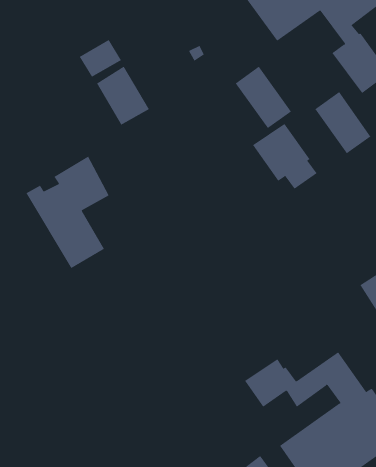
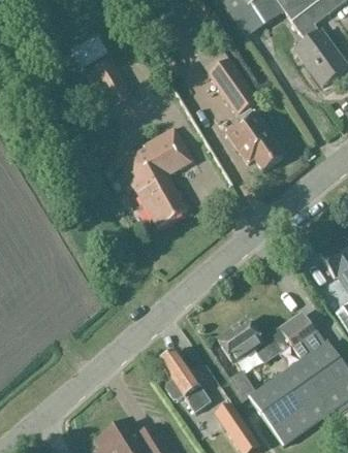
building: [315,91,371,154] -> none
building: [26,156,109,269] -> [118,127,192,227]
building: none -> [160,349,211,411]

